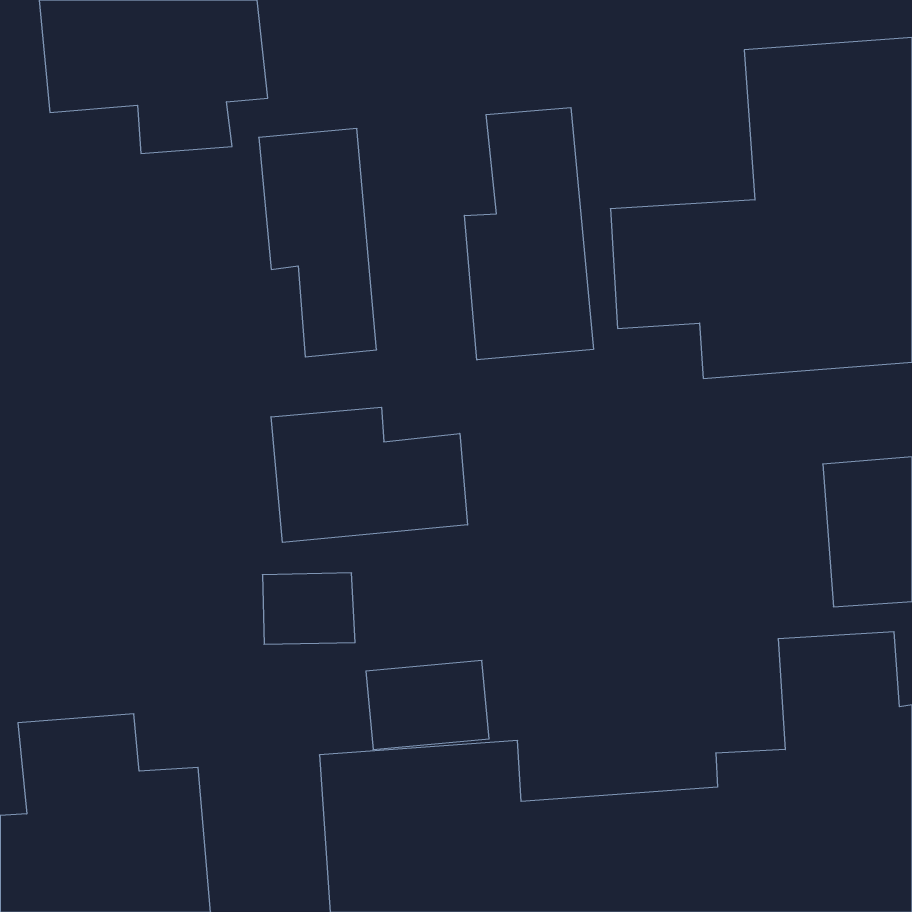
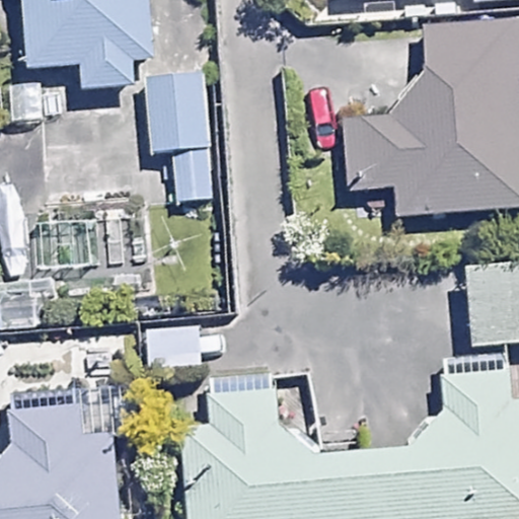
building: [464,108,593,360] -> none
building: [271,407,468,542] -> none

